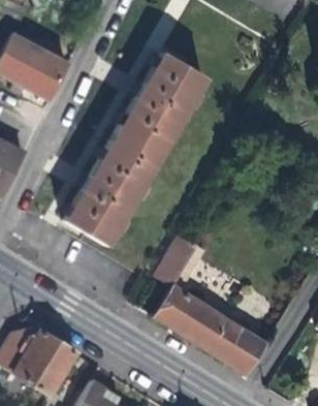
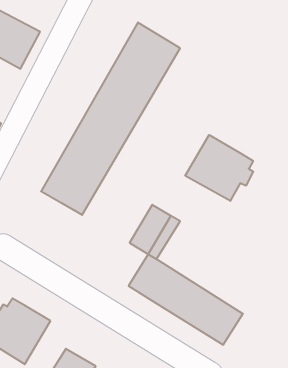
building: none -> [185,135,253,201]

